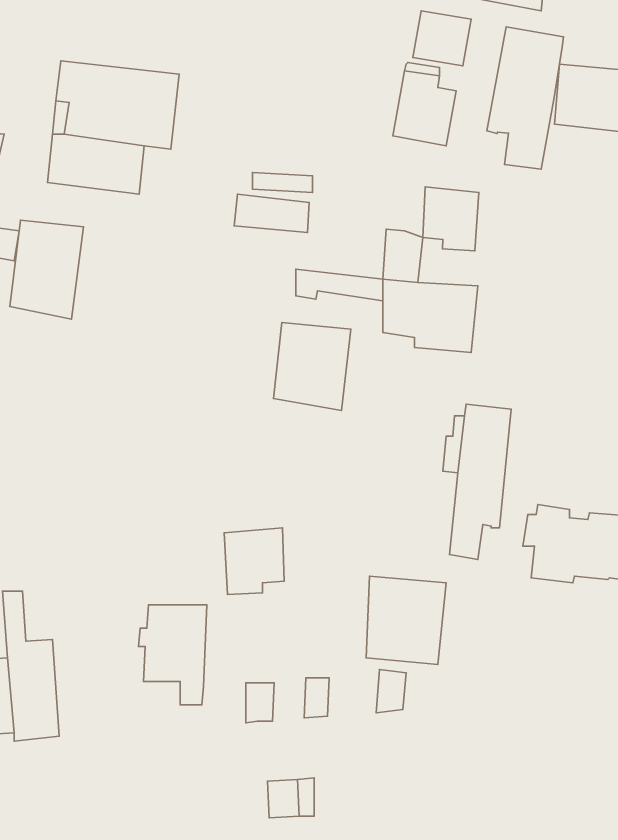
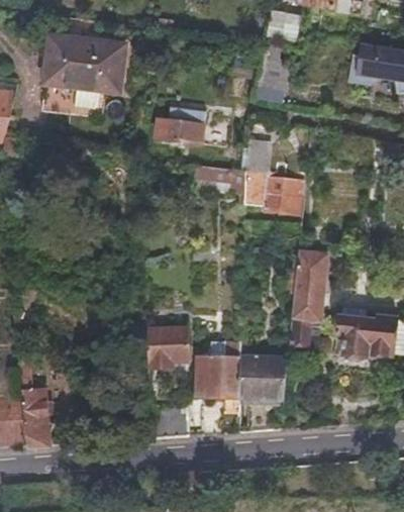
building: [487,27,563,169] -> none
building: [423,187,479,251] -> none
building: [10,220,83,319] -> none
building: [273,323,351,410] -> none
building: [138,605,207,705] -> [199,350,240,411]

